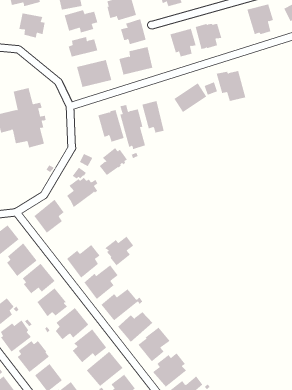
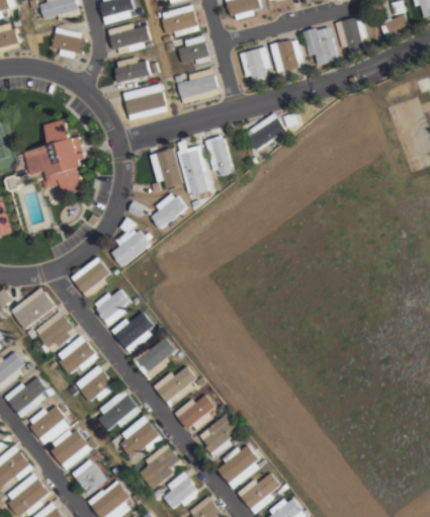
building: [216,70,246,102] -> [300,26,338,65]
building: [105,236,134,266] -> [93,288,130,326]

